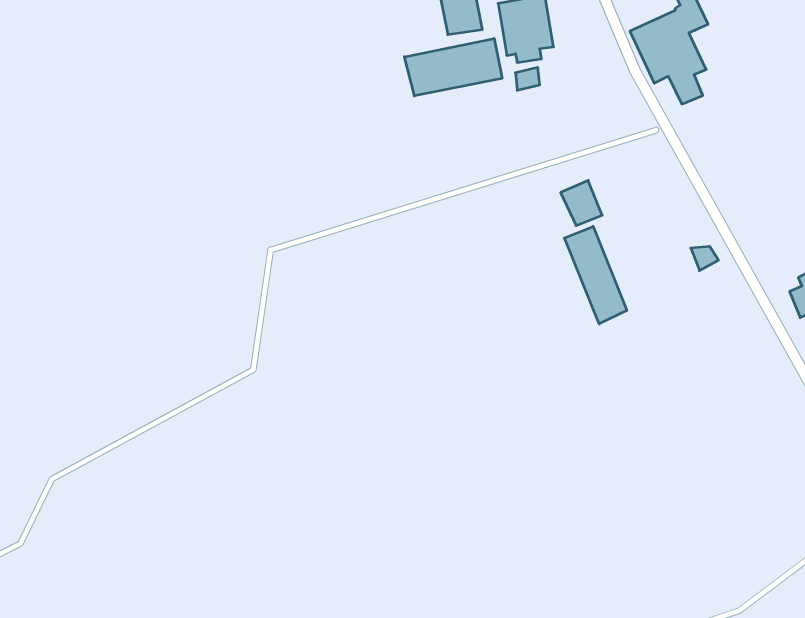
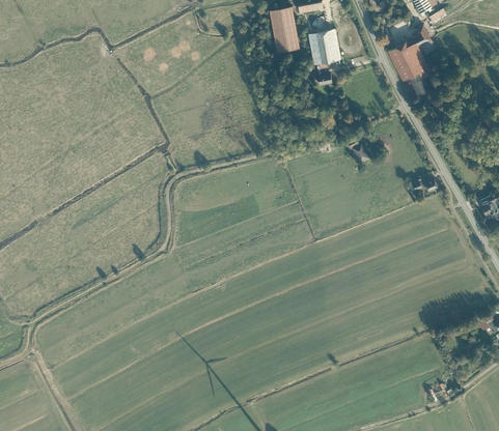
building: [404,38,502,96] -> none
building: [564,226,627,324] -> none

